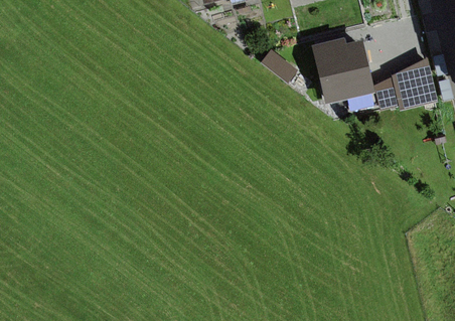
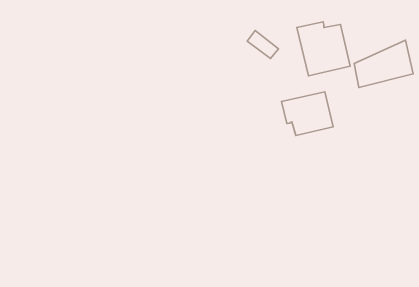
building: none -> [281,92,333,136]

